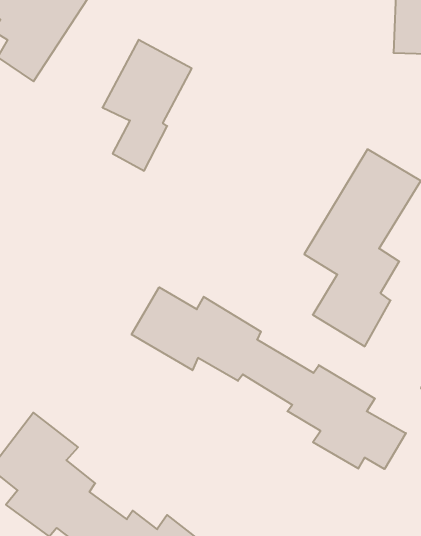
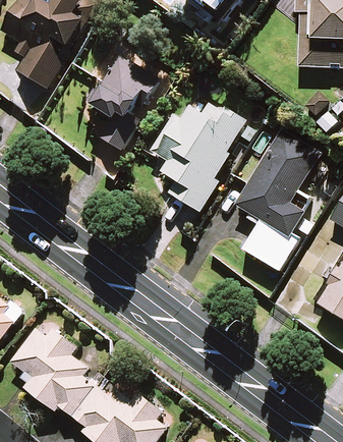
building: none -> [145,103,242,213]
building: [132,287,406,469] -> none

